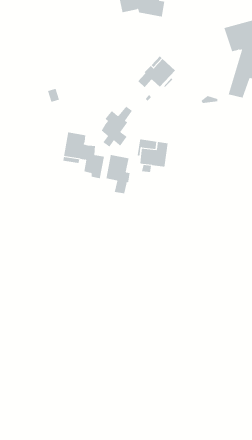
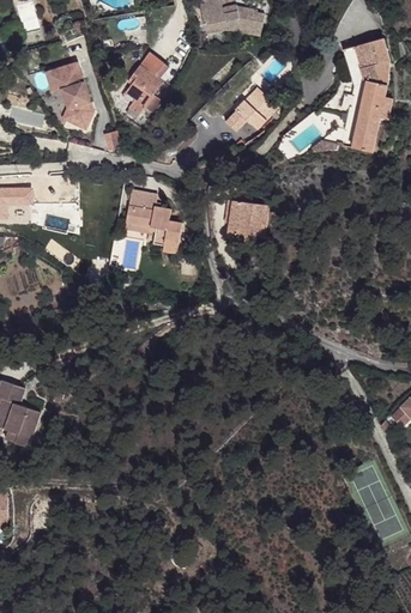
building: none -> [46,61,93,129]
building: [101,106,133,147] -> [126,59,169,115]
building: [106,154,130,194] -> none

